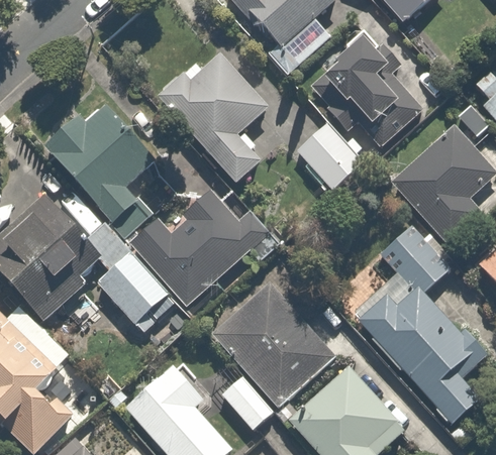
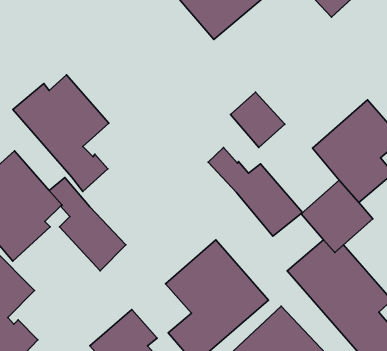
building: [157,45,266,174] -> none
building: [334,54,423,144] -> none
building: none -> [208,148,302,236]
building: [126,184,268,301] -> none

